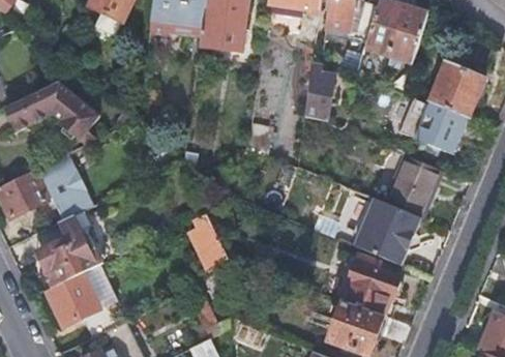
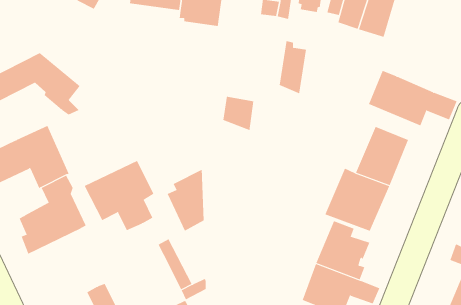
building: [428,62,485,121] -> none
building: [43,263,117,336] -> [84,160,154,231]

